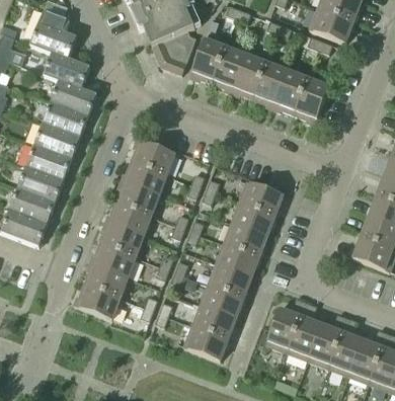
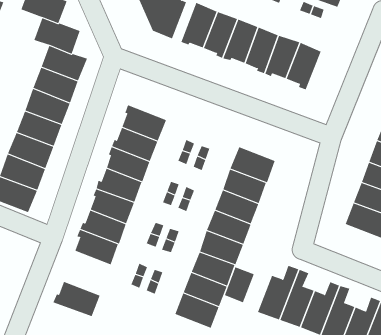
building: [73,283,121,318] -> [52,281,100,317]
building: none -> [224,266,254,303]

